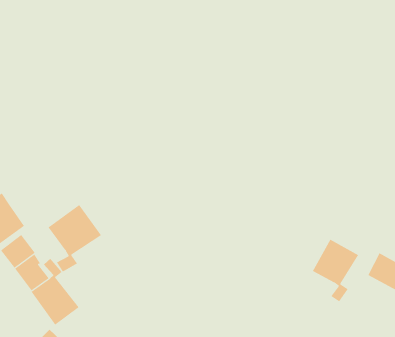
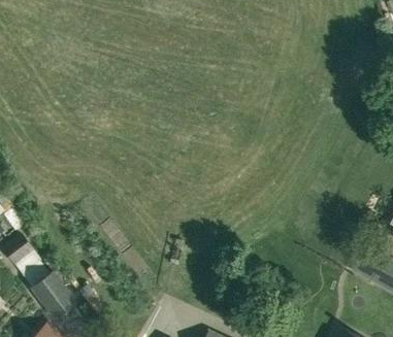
building: [47,204,102,273] -> none
building: [312,239,359,302] -> none

